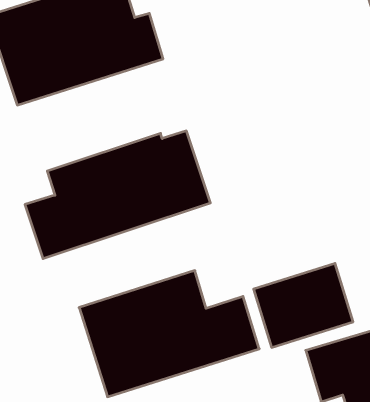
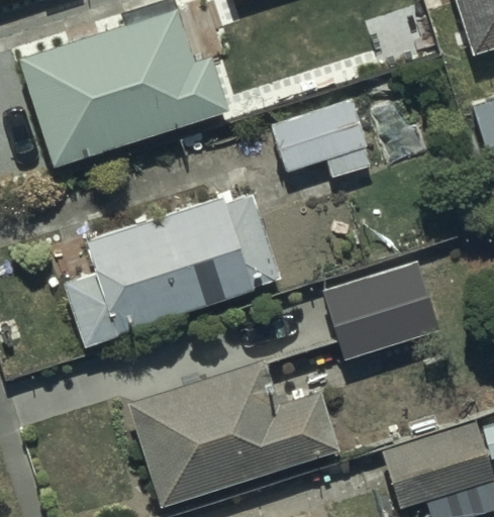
building: none -> [275,87,375,177]
building: [254,263,353,347] -> [323,263,440,361]

